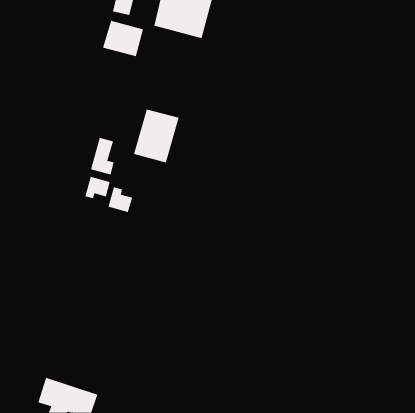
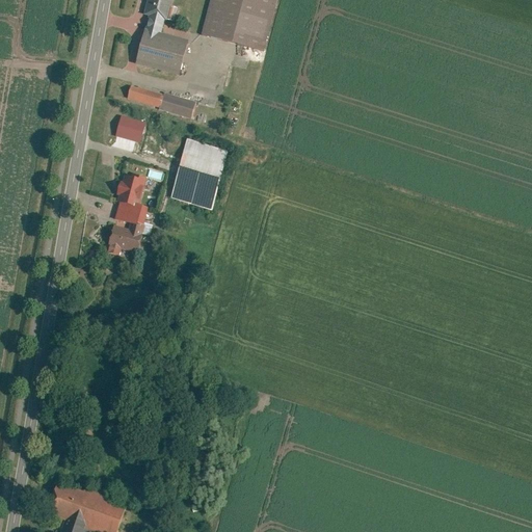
building: none -> [128,83,201,116]
building: none -> [121,116,148,140]
building: [108,186,133,213] -> none

